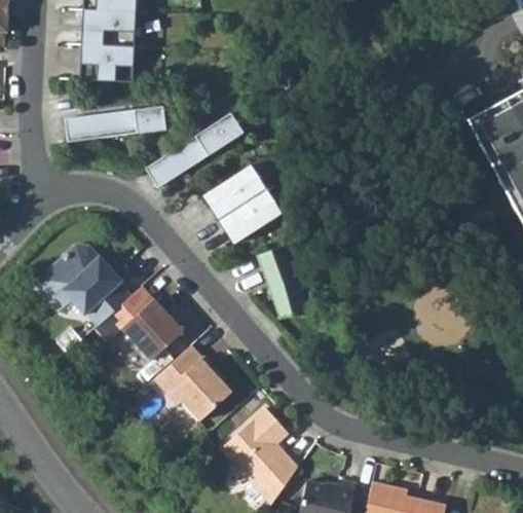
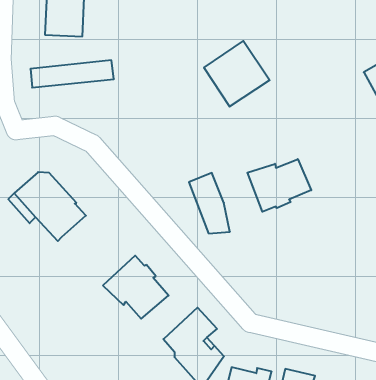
building: [143,115,240,190] -> none
building: [204,163,284,243] -> [204,41,270,107]
building: none -> [247,159,311,212]
building: [103,285,179,360] -> none

